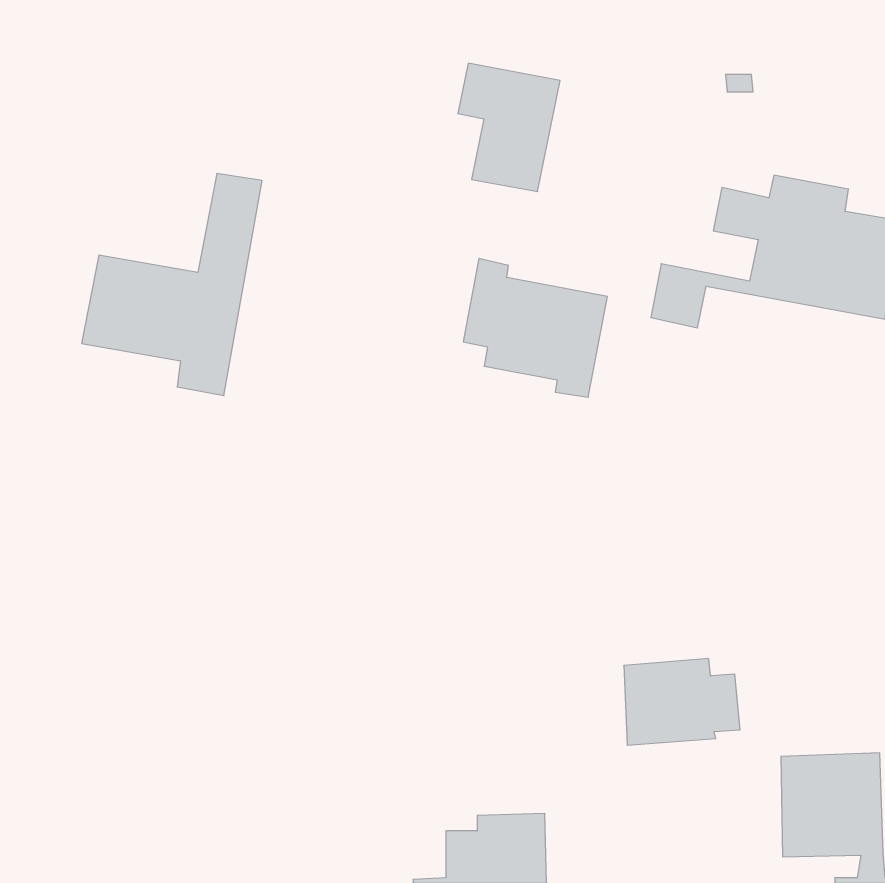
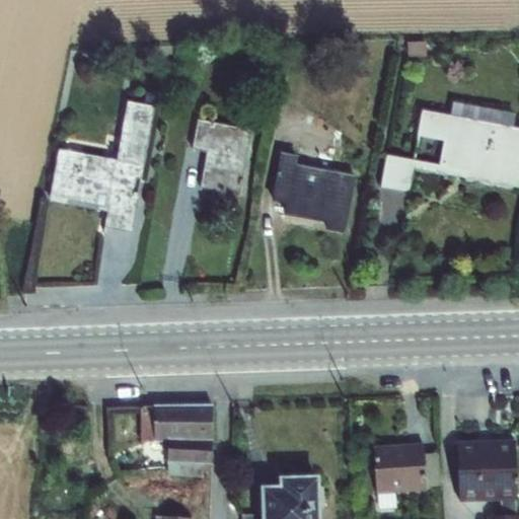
building: [458,63,560,192] -> [192,119,251,194]
building: [624,659,740,745] -> [374,443,442,494]
building: none -> [140,405,213,476]

